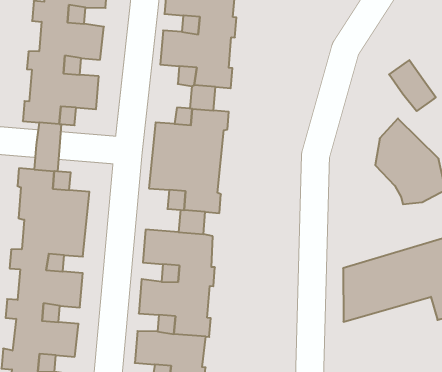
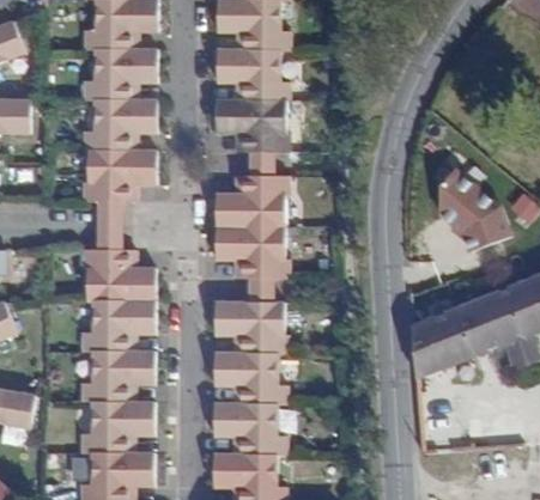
building: [389,60,436,111] -> none

